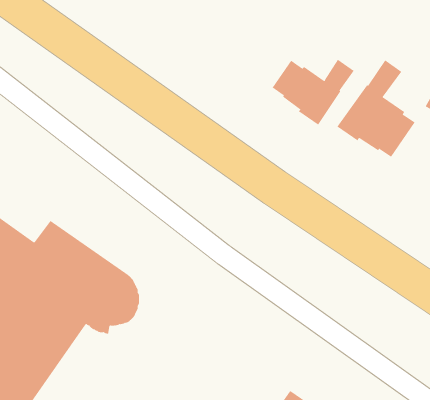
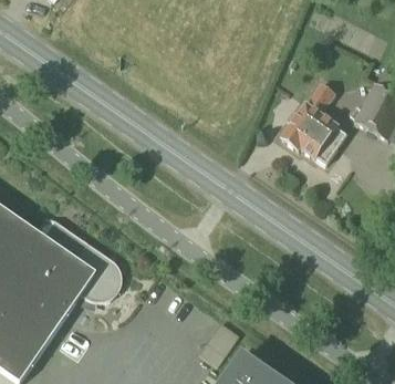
building: [272,59,354,125] -> none

